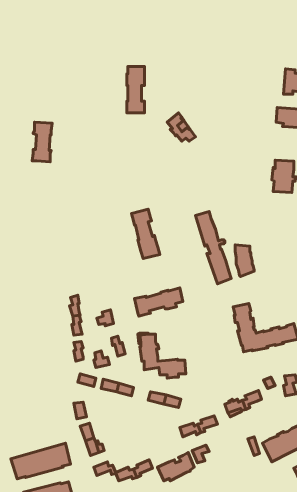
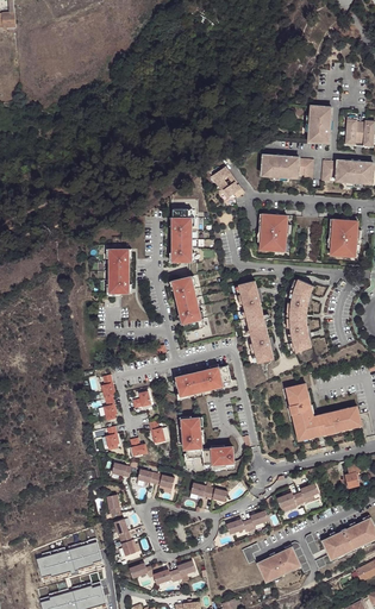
building: none -> [307,106,331,143]
building: [127,67,145,113] -> [171,209,192,262]
building: none -> [261,153,313,178]
building: [32,122,52,162] -> [105,246,127,291]
building: none -> [261,214,286,252]
building: none -> [289,280,313,314]
building: [158,452,194,481] -> [256,547,298,579]

